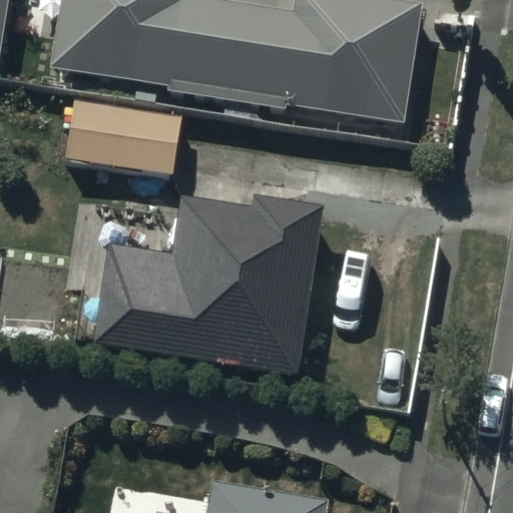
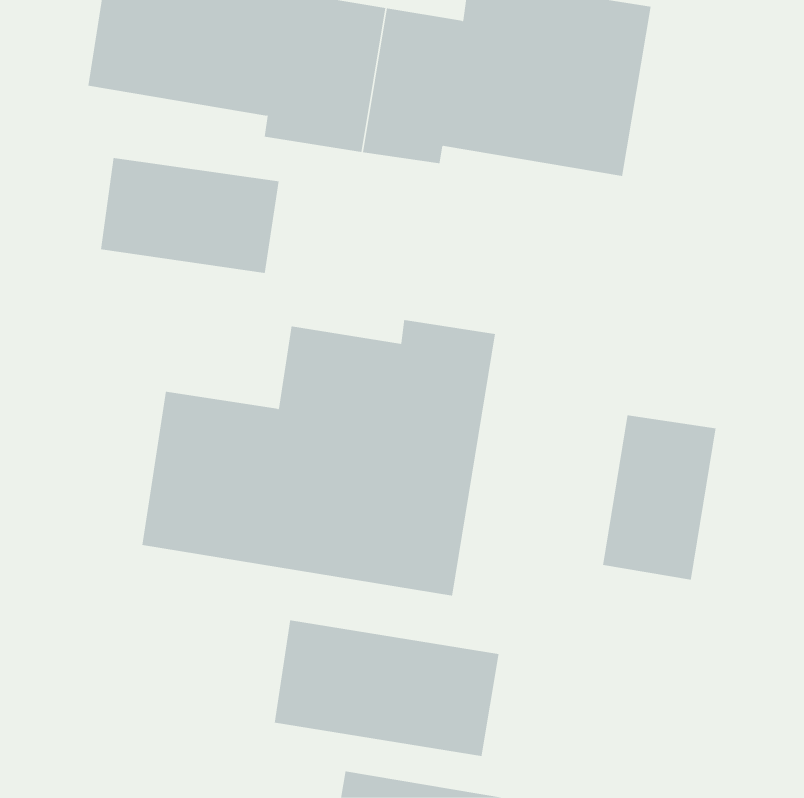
building: none -> [603,414,716,580]
building: none -> [274,619,499,757]

